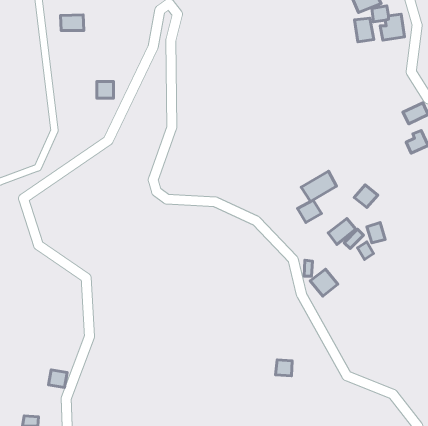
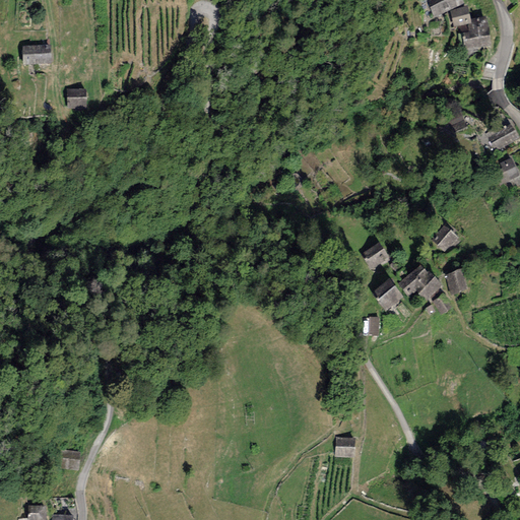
building: [60,15,84,31] -> [22,45,51,64]
building: [354,18,374,42] -> none
building: [97,82,114,98] -> [67,88,87,109]
building: [301,171,336,202] -> none
building: [310,269,338,296] -> [371,279,404,312]

